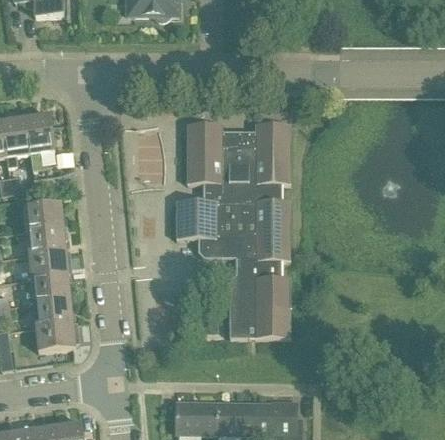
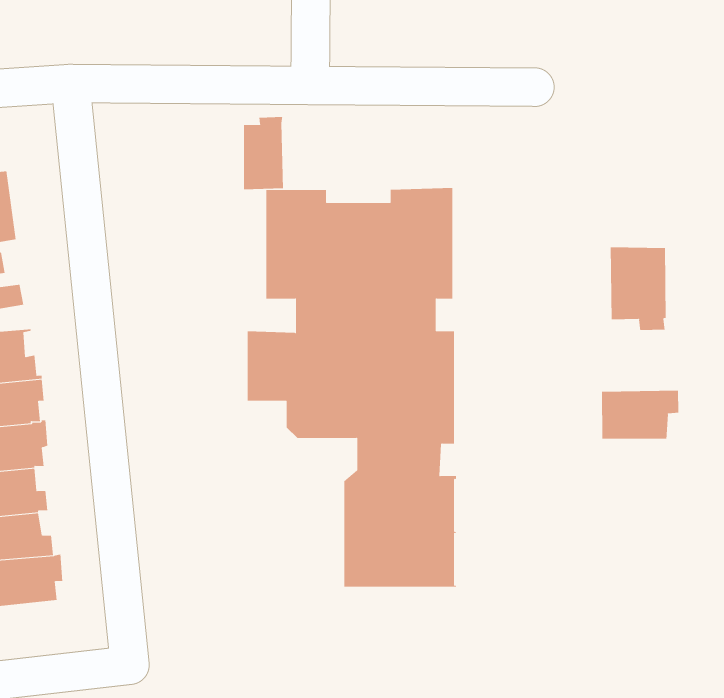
building: none -> [244,116,284,190]
building: none -> [610,247,666,331]
building: none -> [602,390,679,440]

